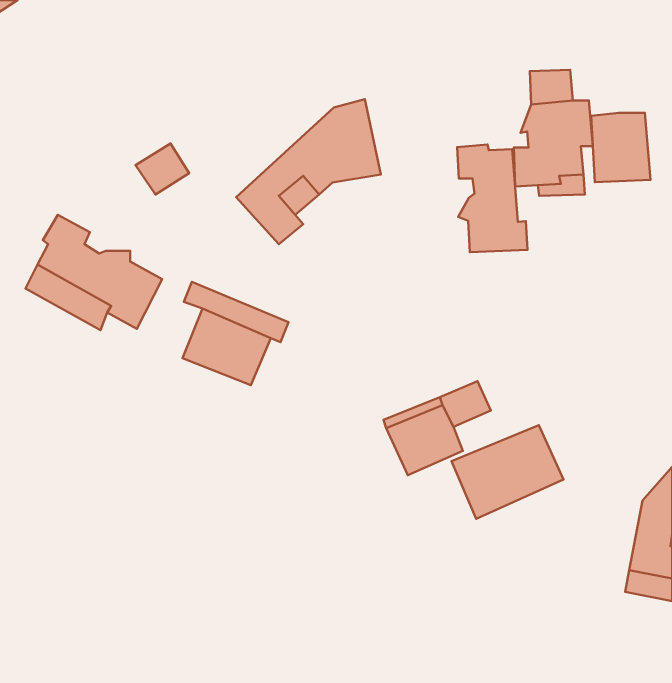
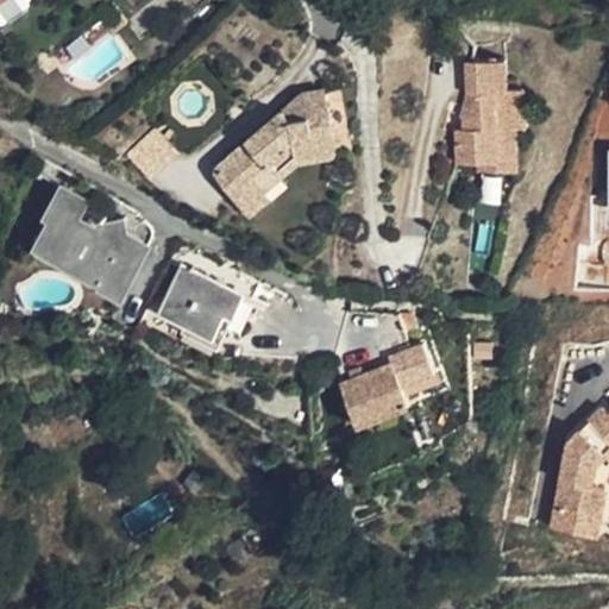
building: [591,113,651,182] -> none
building: [457,145,527,252] -> none
building: [452,425,563,519] -> none

